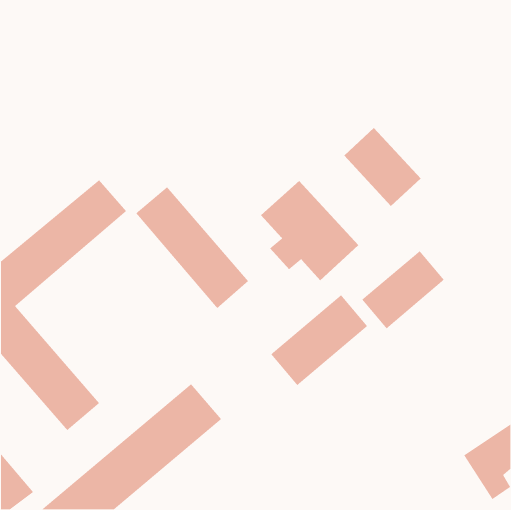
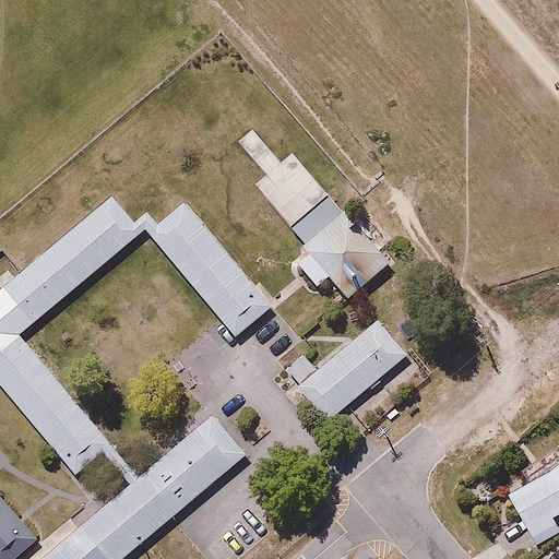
building: [343,127,421,207] -> none
building: [361,250,445,329] -> none

